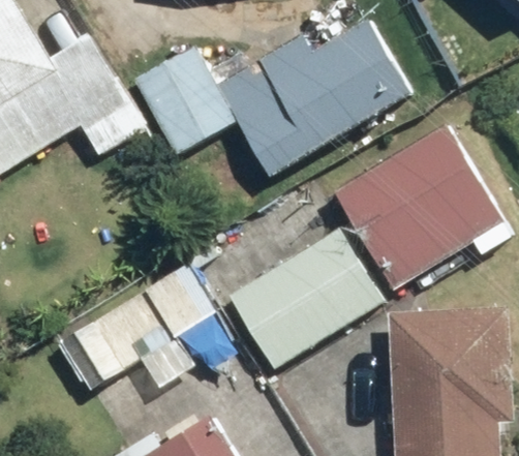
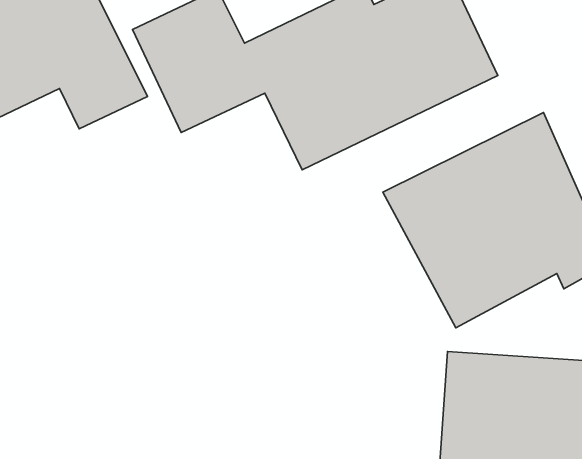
building: [226,227,386,372] -> none
building: [75,261,217,389] -> none

